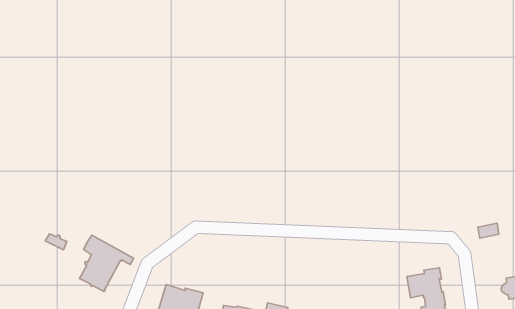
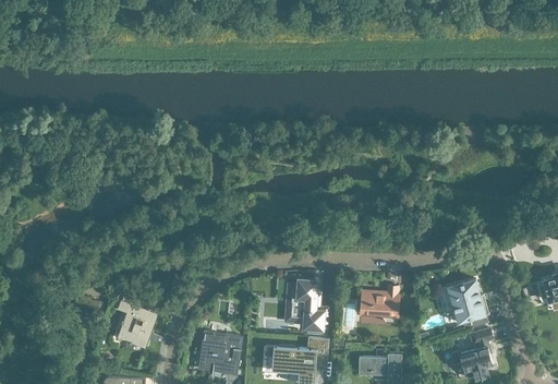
building: none -> [289,280,331,333]
building: none -> [359,286,398,323]

